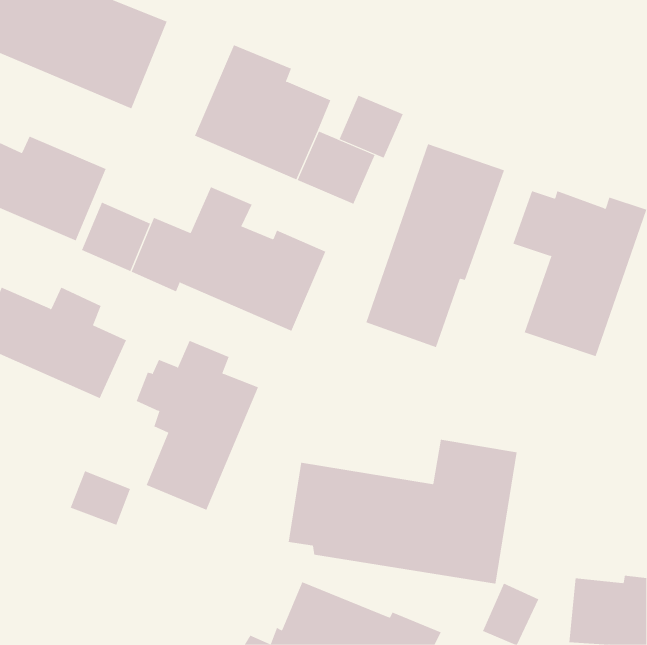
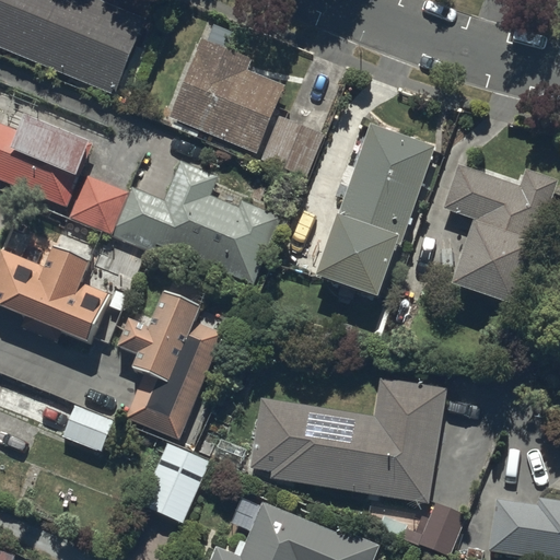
building: [339,95,403,158] -> none
building: none -> [139,443,209,522]

